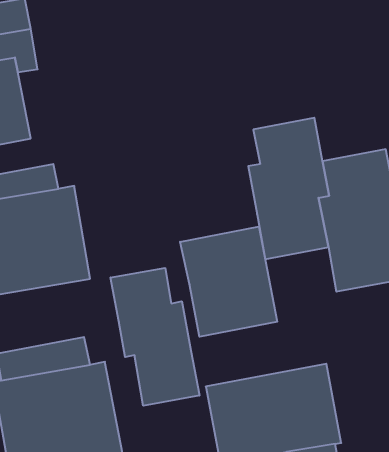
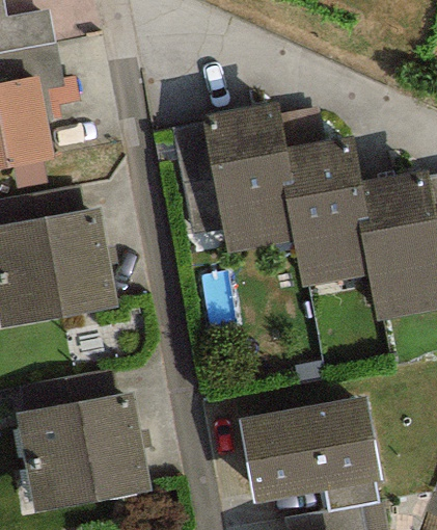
building: none -> [200,104,295,253]
building: [180,226,277,337] -> none
building: [111,268,199,406] -> none

